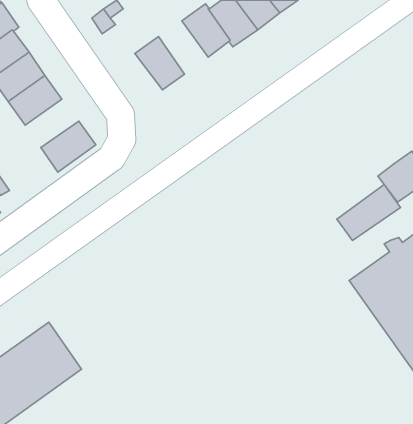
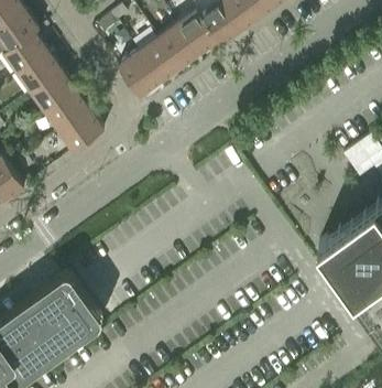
building: none -> [157,26,199,72]
building: none -> [118,54,161,99]
building: none -> [45,93,90,133]
building: [337,185,400,240] -> none

